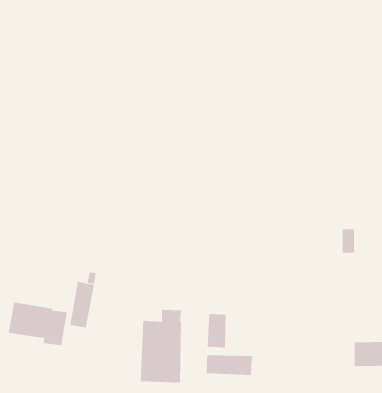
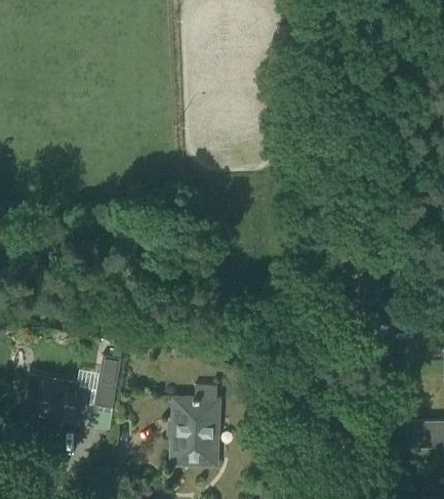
building: [207,313,226,349] -> none
building: [206,354,253,376] -> none

